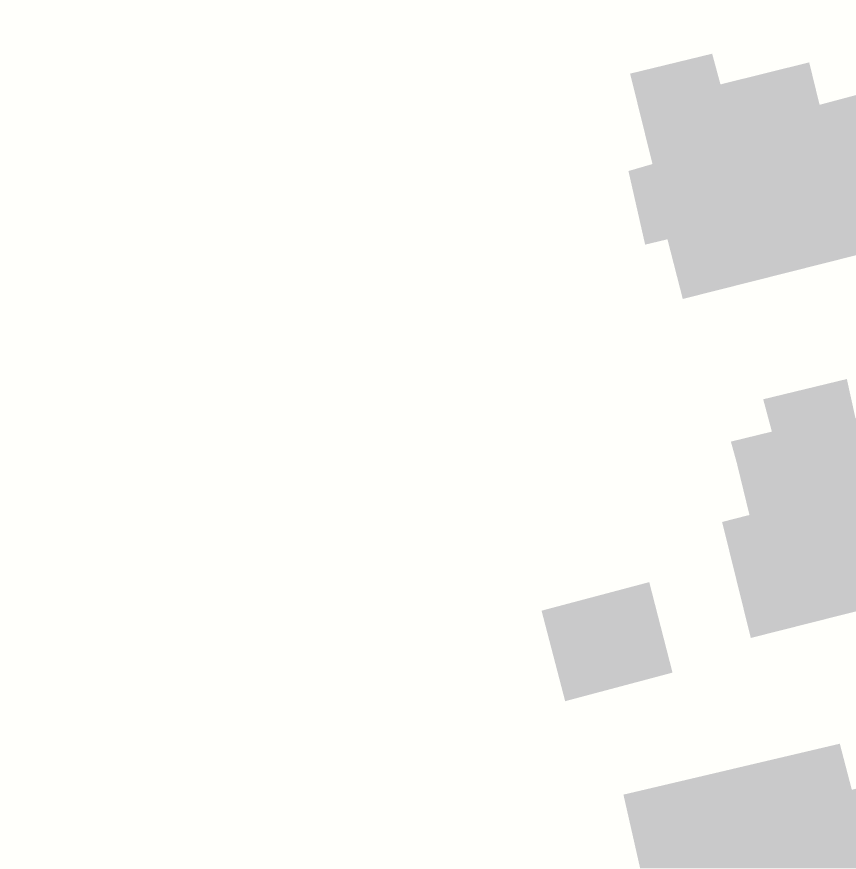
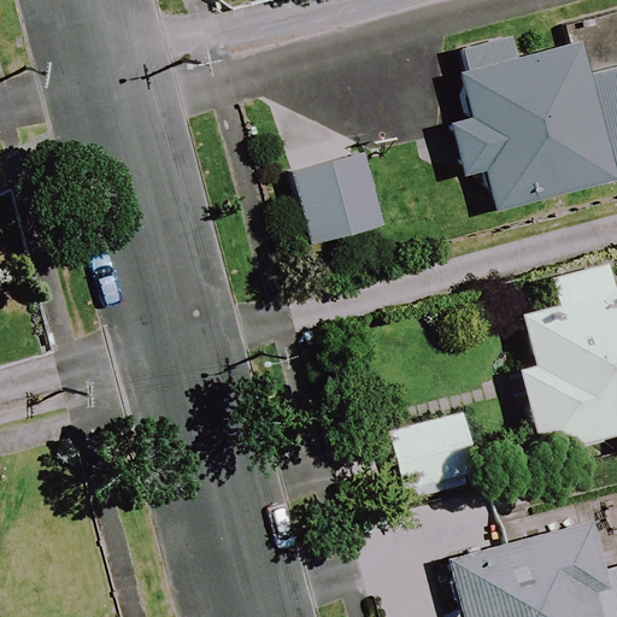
building: none -> [292,149,382,240]

